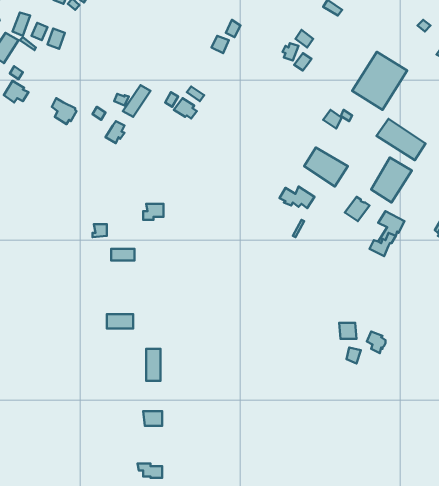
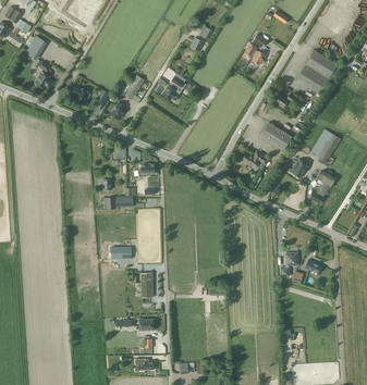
building: [377,119,426,160] -> none

